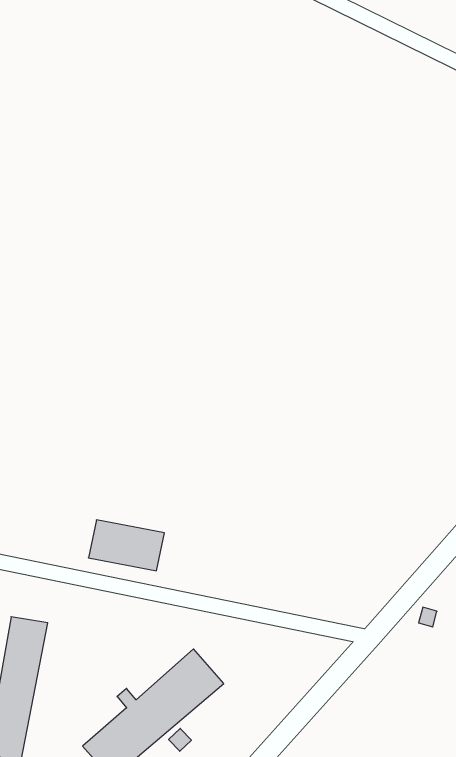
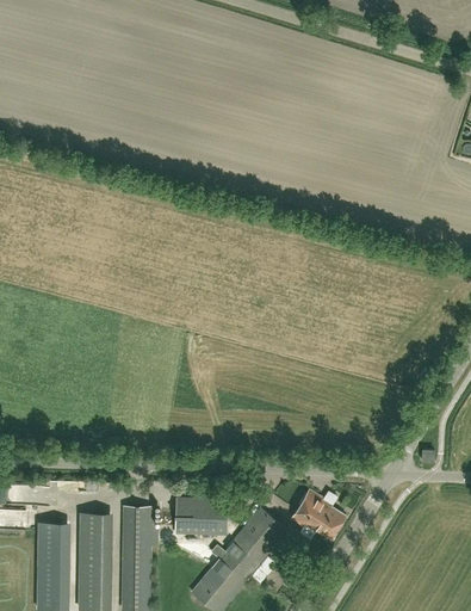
building: [88,520,164,571] -> [174,505,227,535]
building: none -> [291,489,345,539]

